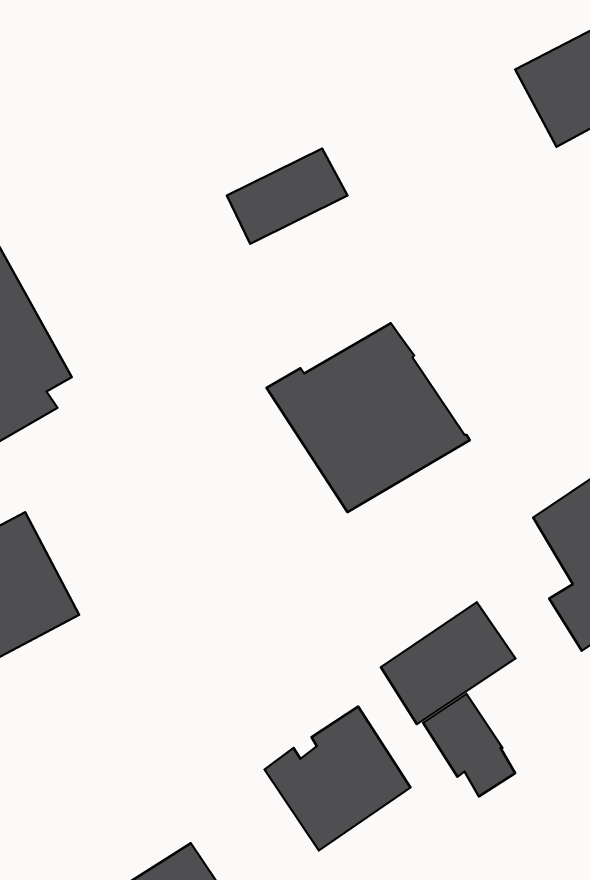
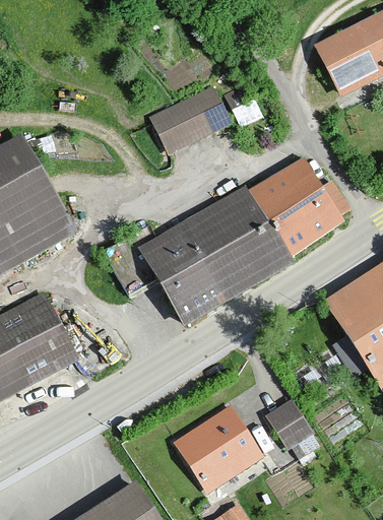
building: none -> [254,160,347,254]
building: none -> [102,222,225,325]
building: [381,602,516,724] -> none

